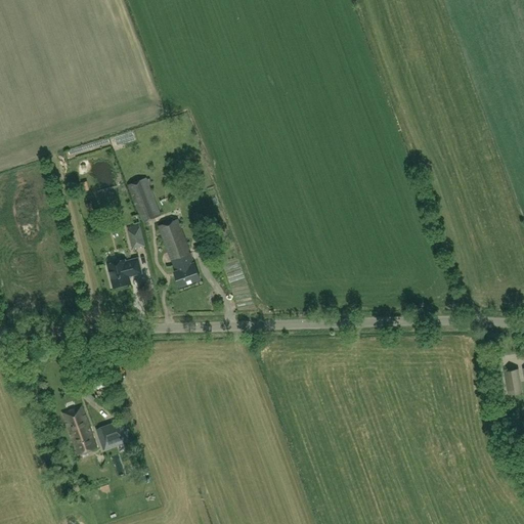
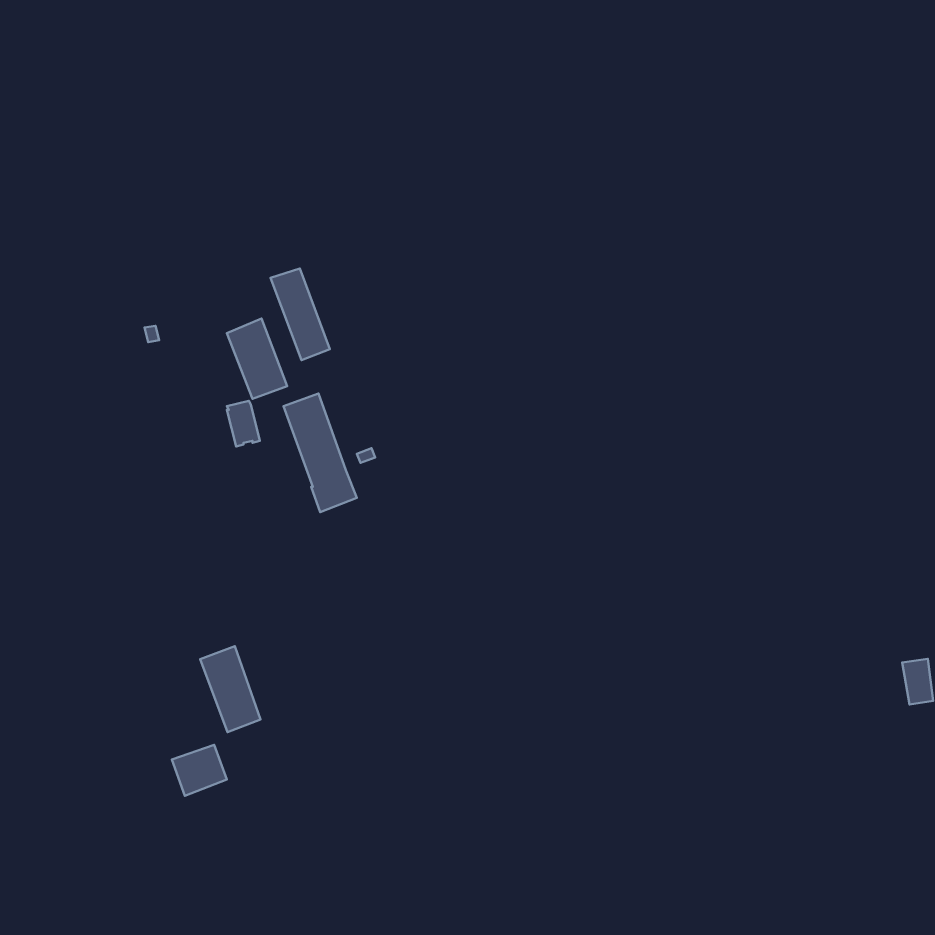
building: none -> [270,268,330,360]
building: [107,259,141,288] -> none
building: [62,406,96,454] -> [200,646,261,732]

